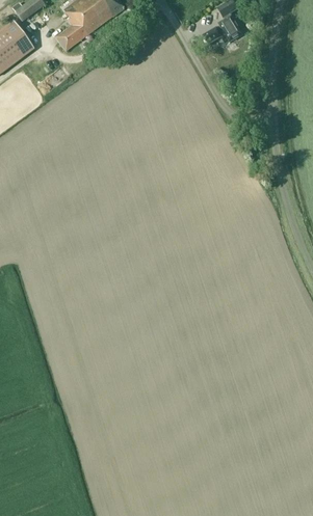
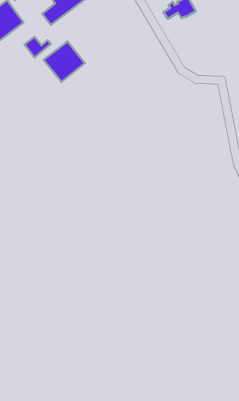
building: none -> [44,42,85,82]

